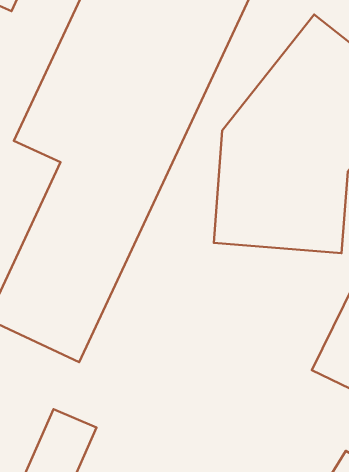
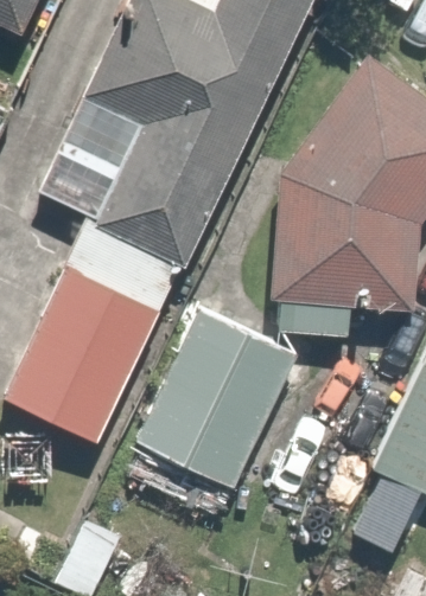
building: none -> [126,299,297,488]

